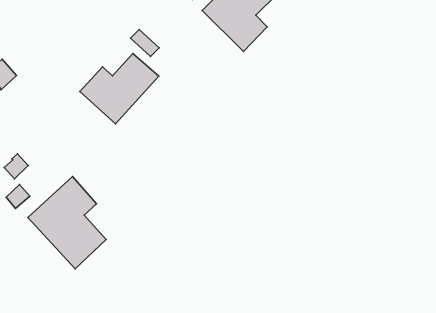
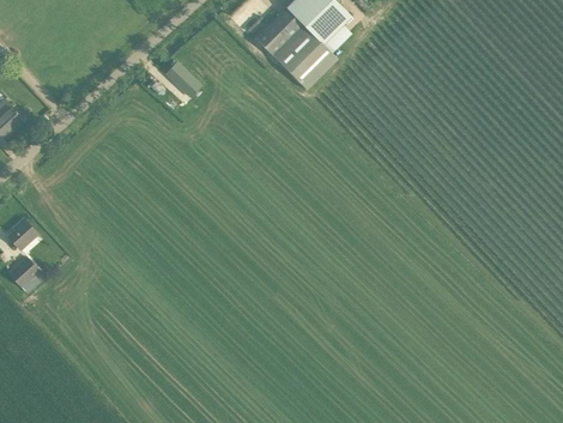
building: [80,54,159,124] -> none
building: [28,177,106,269] -> none

